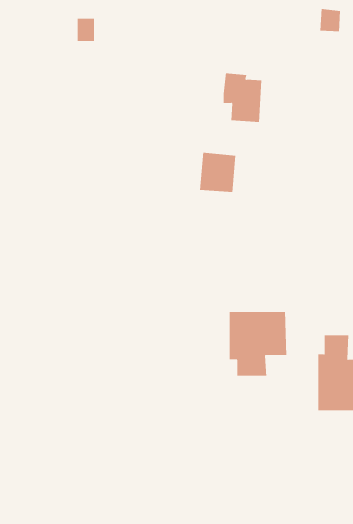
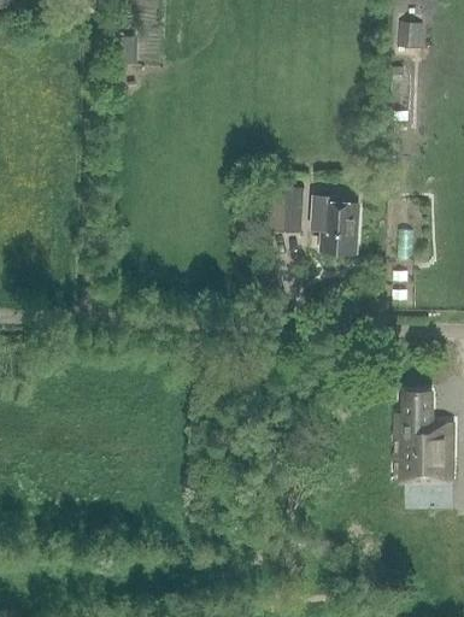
building: [223,73,262,122] -> [315,196,359,253]
building: [229,311,287,377] -> none

